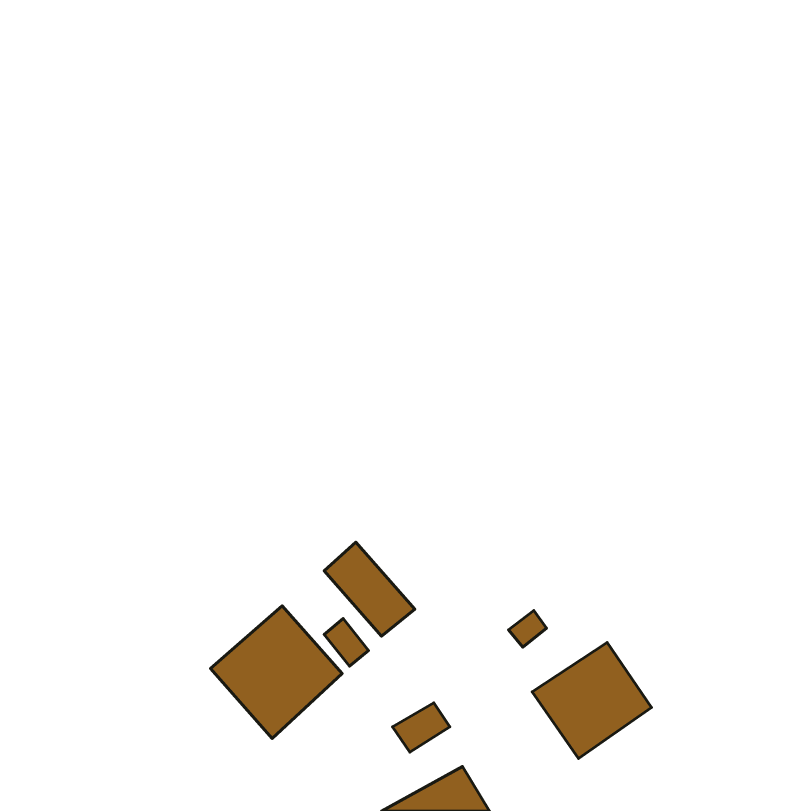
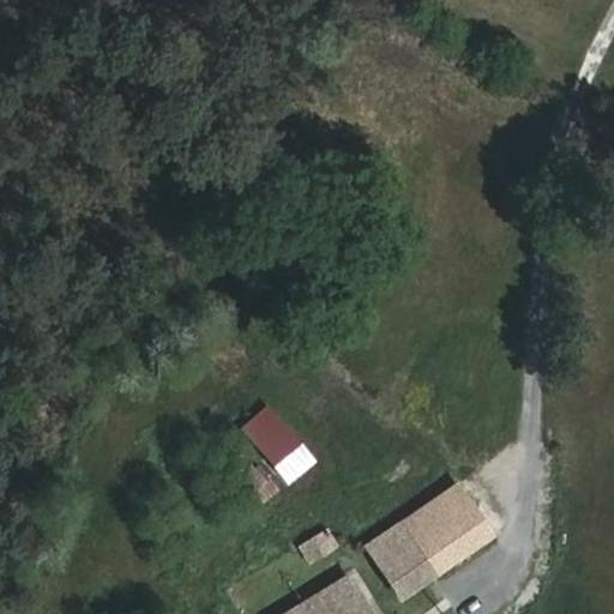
building: [211,606,342,738] -> none
building: none -> [365,520,437,596]

